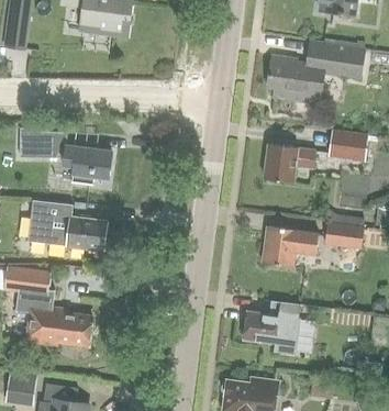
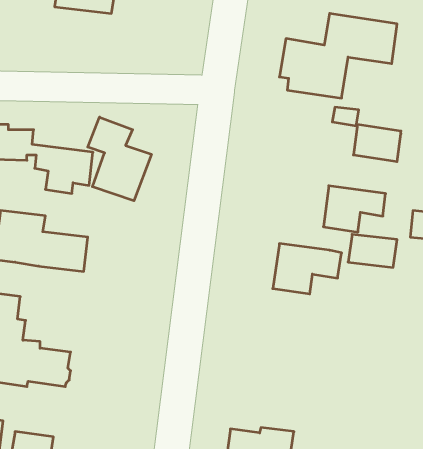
building: none -> [88,117,151,201]
building: [263,144,314,182] -> [323,186,386,232]
building: [242,301,299,353] -> none

